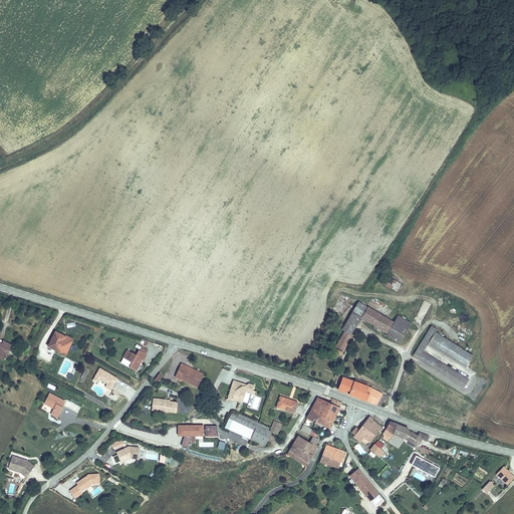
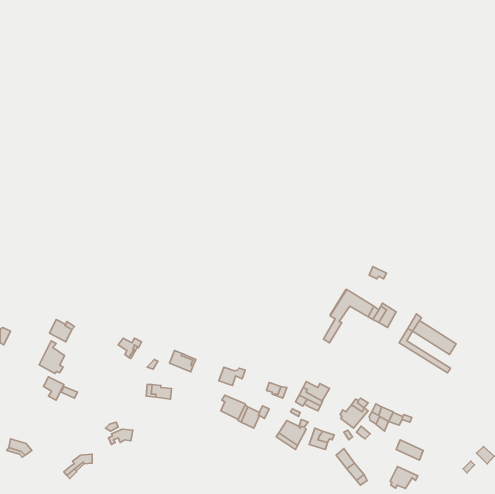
building: none -> [39,341,65,374]
building: [338,378,387,408] -> none
building: [178,426,216,448] -> none
building: none -> [390,467,418,489]

